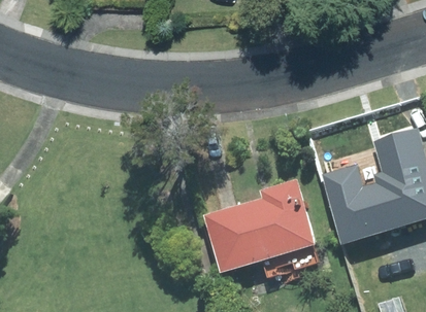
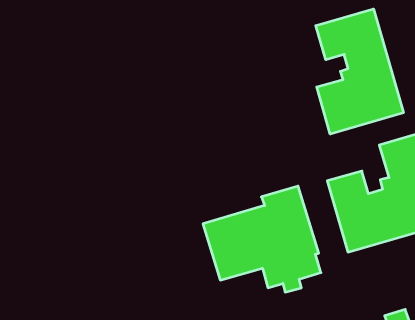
building: none -> [316,9,403,134]

